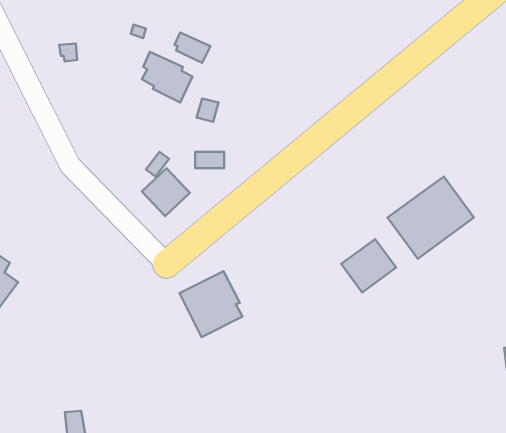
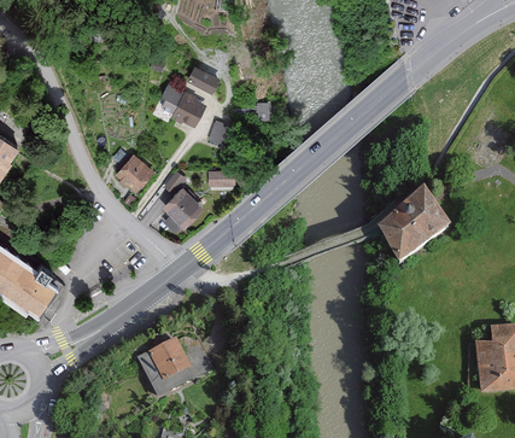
building: none -> [116,152,153,191]
building: [341,239,396,293] -> none
building: [179,271,243,337] -> [135,338,191,396]

